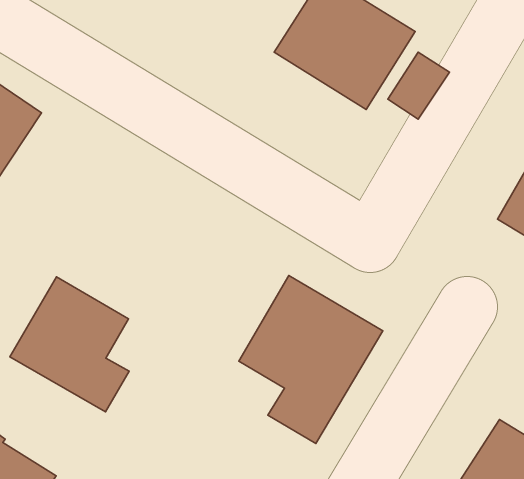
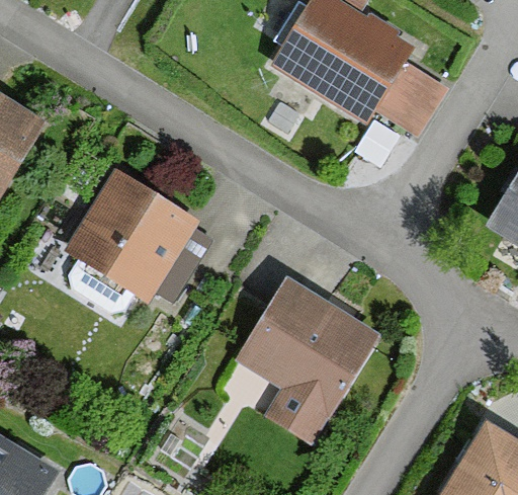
building: none -> [66,169,195,299]
building: [10,277,129,412] -> none

